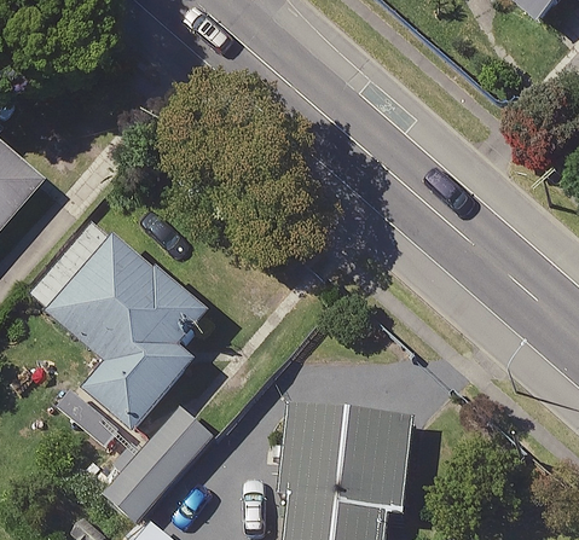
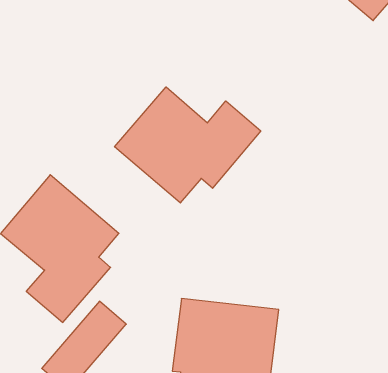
building: none -> [115,87,261,203]

